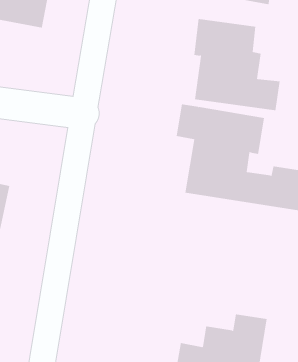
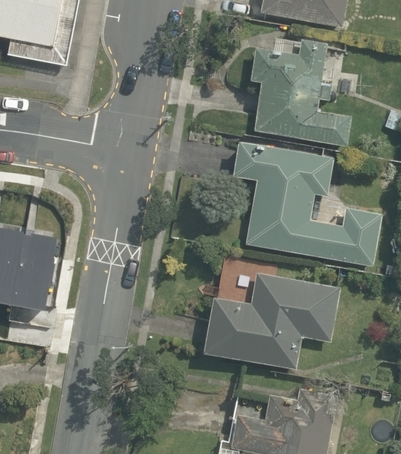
building: none -> [205,275,341,372]

